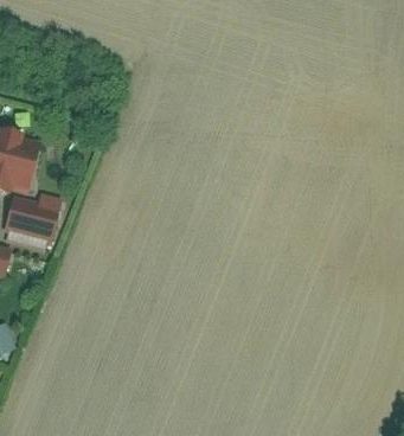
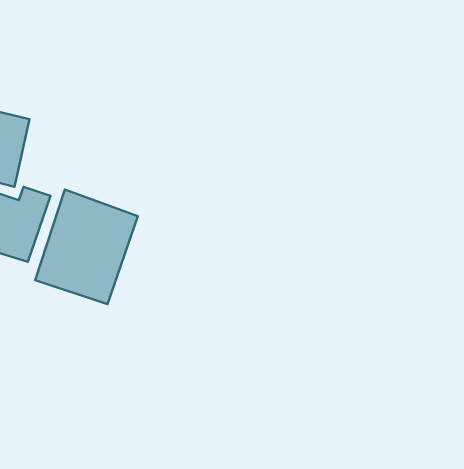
building: none -> [35,189,138,304]

